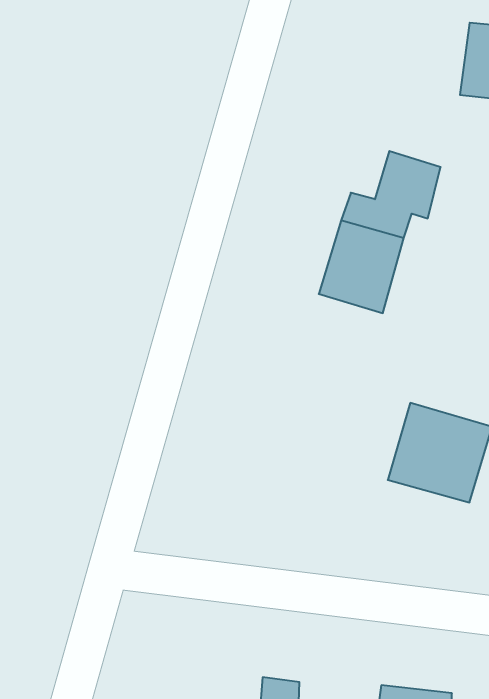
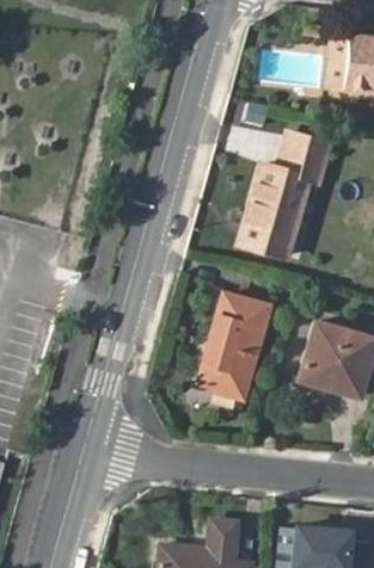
building: none -> [201,295,271,397]

